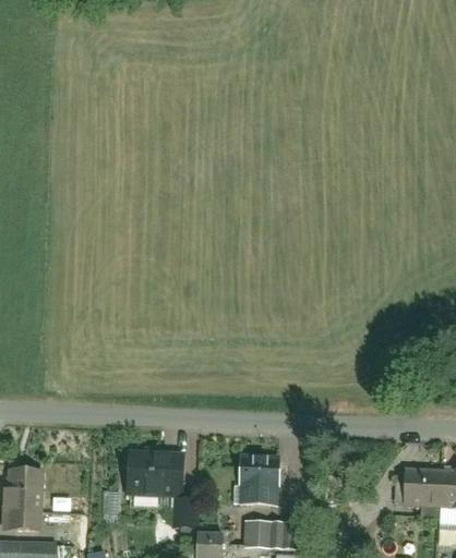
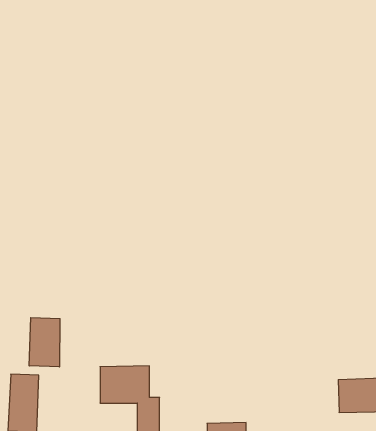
building: none -> [29,318,60,367]
building: [236,454,289,495] -> none

